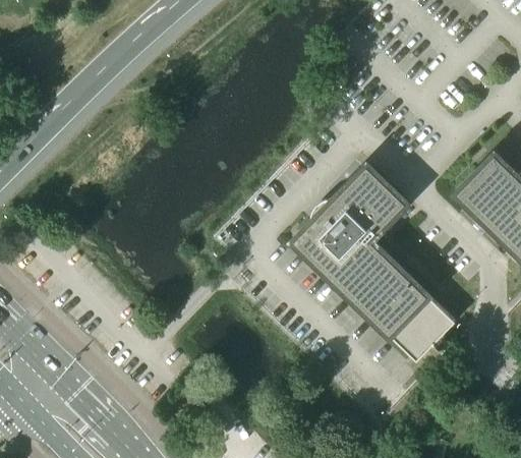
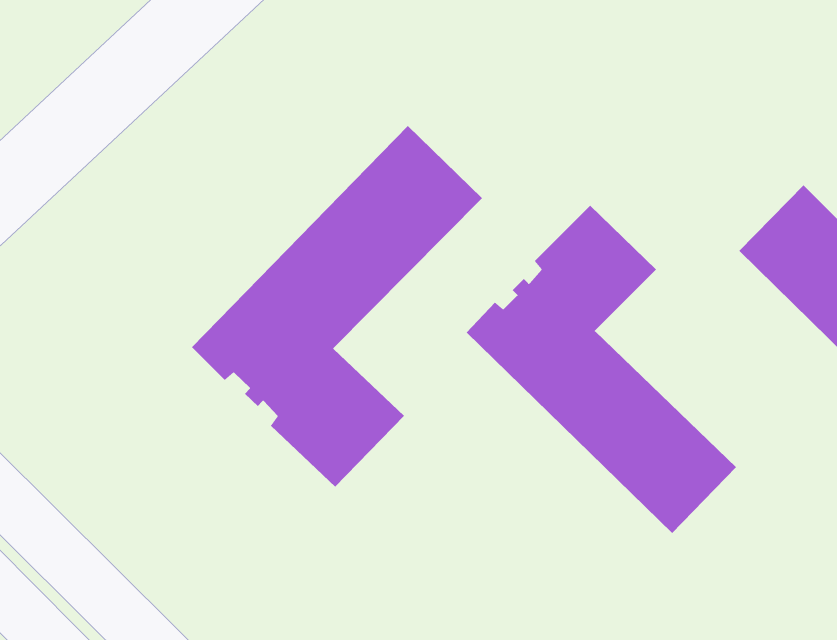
building: none -> [191,125,483,487]

